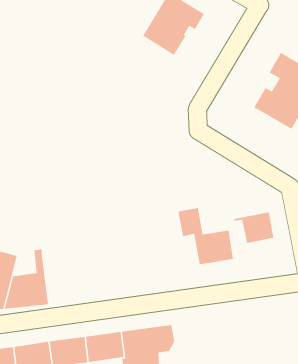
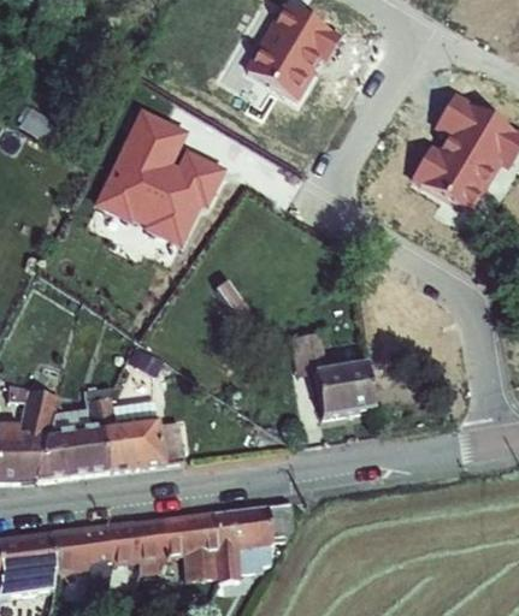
building: none -> [95,107,222,238]
building: [234,212,274,244] -> none
building: none -> [96,396,181,473]

